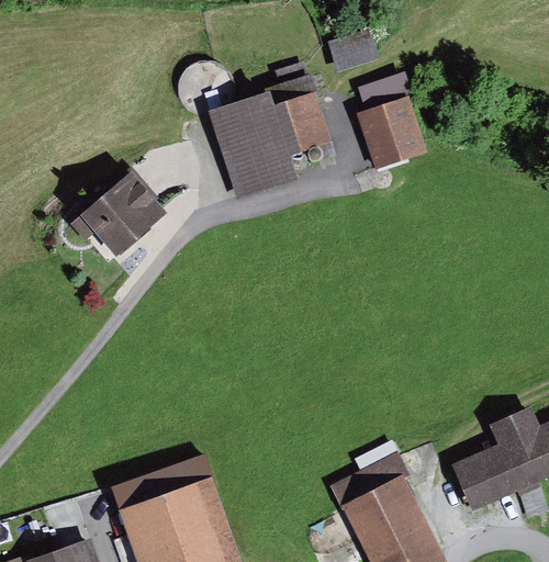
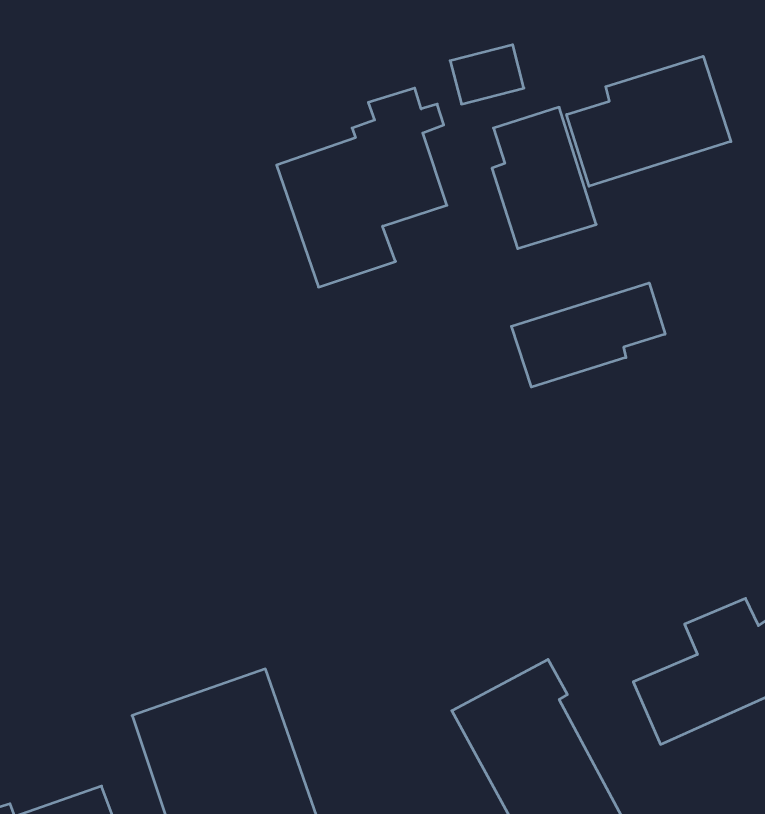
building: none -> [567,56,731,186]
building: [69,172,166,258] -> none
building: none -> [511,283,665,387]

